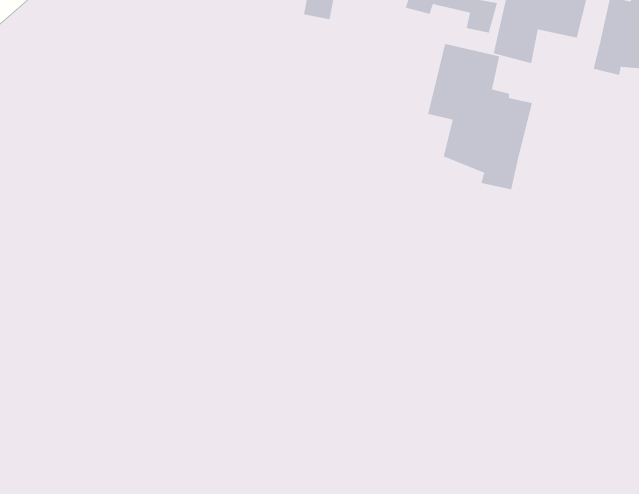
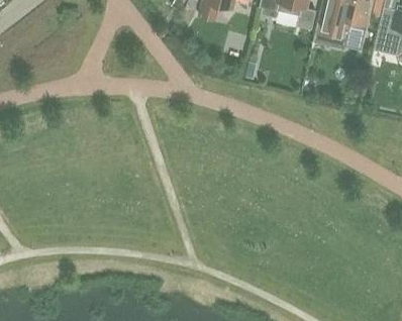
building: [428,43,532,190] -> none

